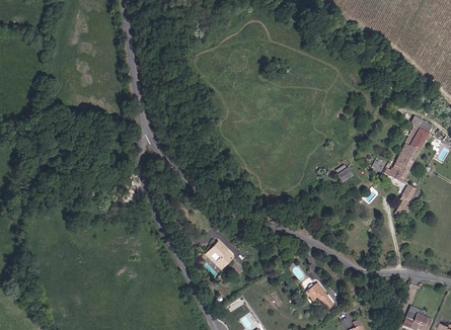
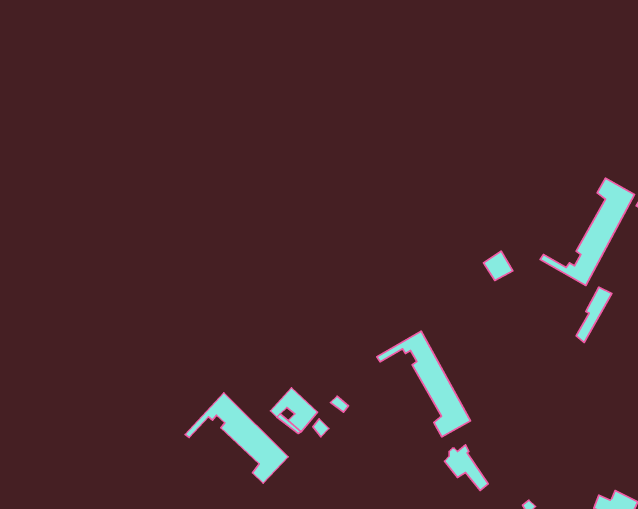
building: none -> [377,331,470,437]
building: none -> [185,393,288,483]

